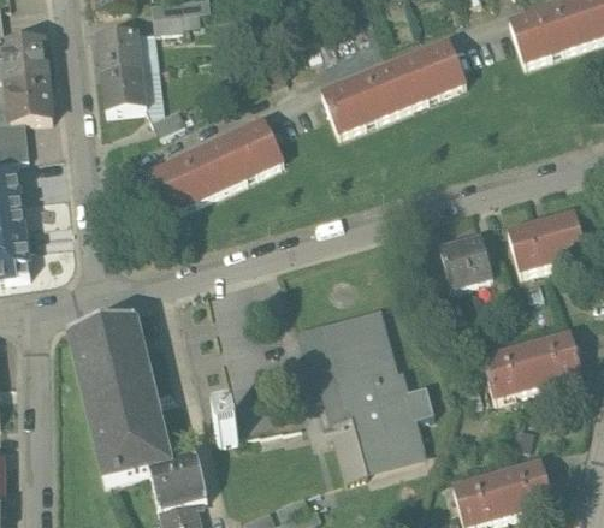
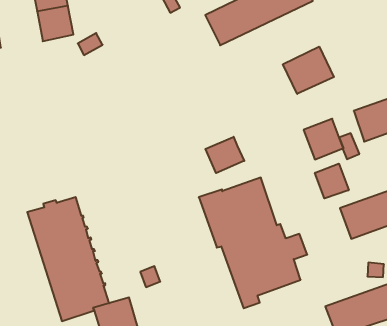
building: [141,118,282,215] -> none
building: none -> [283,47,334,94]
building: none -> [205,137,244,173]
building: none -> [315,164,349,198]

